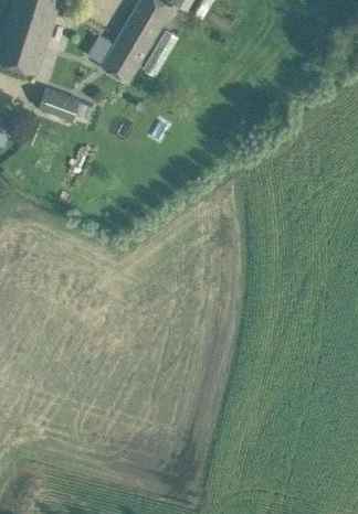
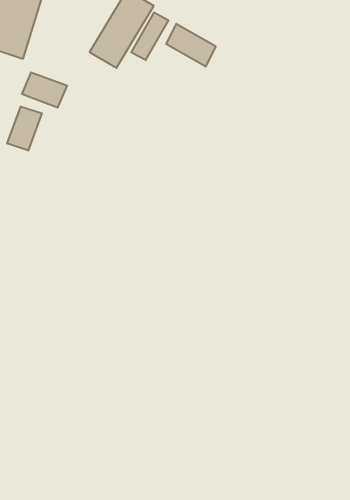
building: none -> [166,24,216,67]
building: none -> [7,106,42,151]

